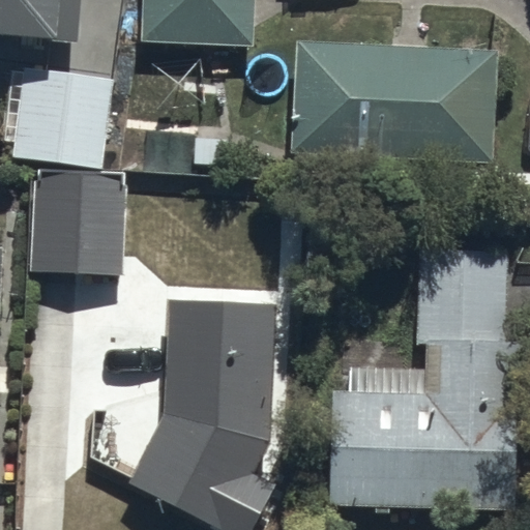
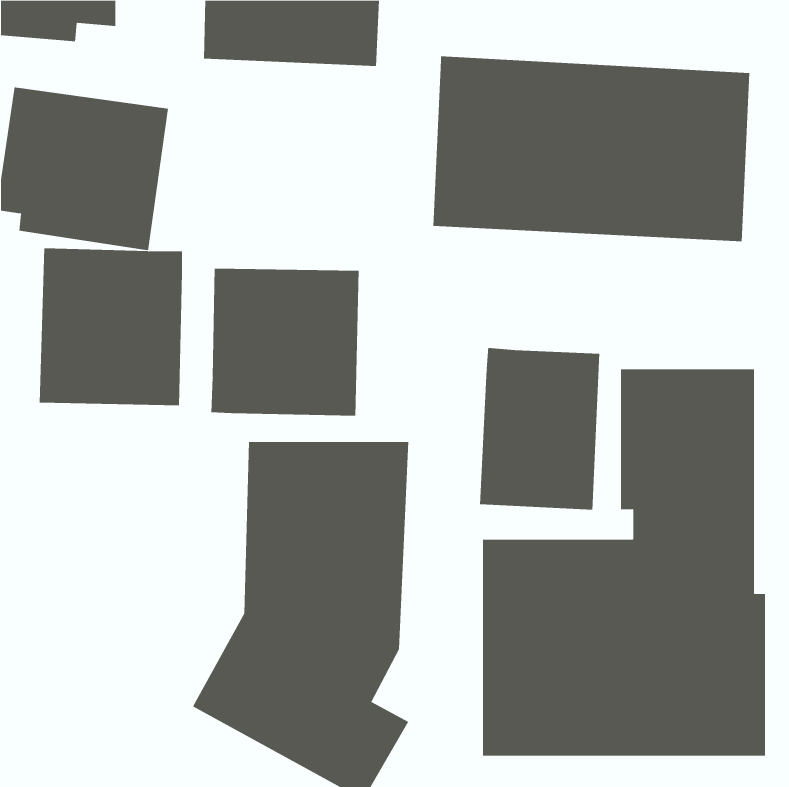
building: none -> [211,268,359,417]
building: none -> [479,347,600,511]

